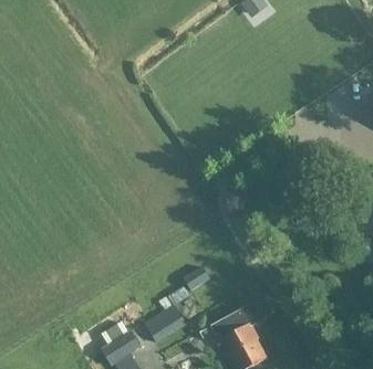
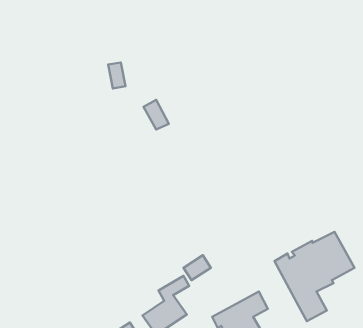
building: none -> [275,232,354,321]

